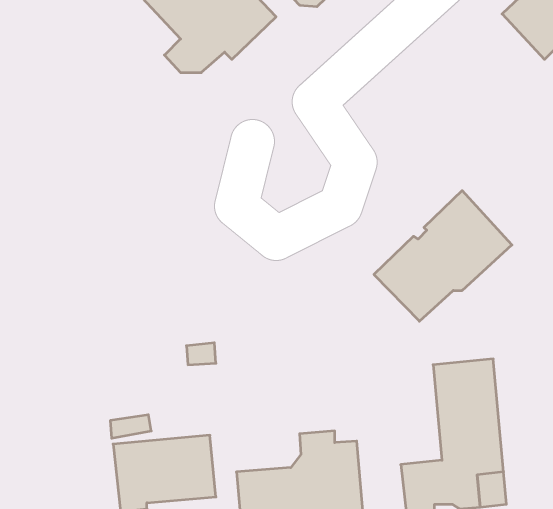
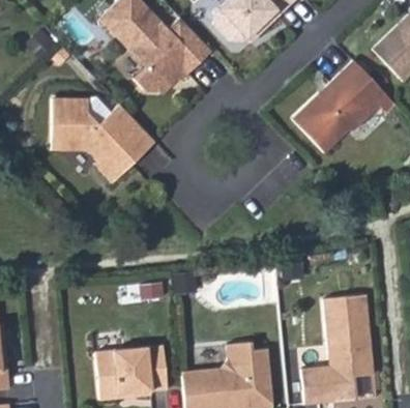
building: none -> [49,98,155,183]
building: [374,191,512,321] -> [290,59,387,151]

